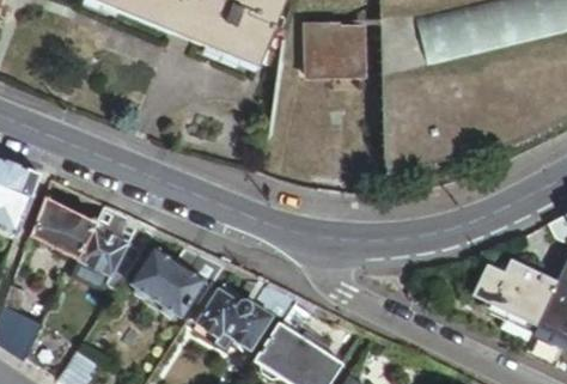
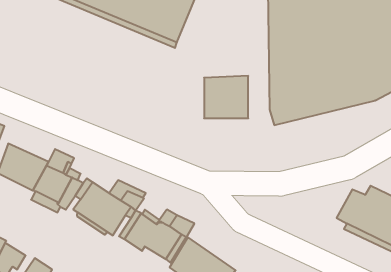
building: [309,19,366,74] -> [204,76,248,118]

